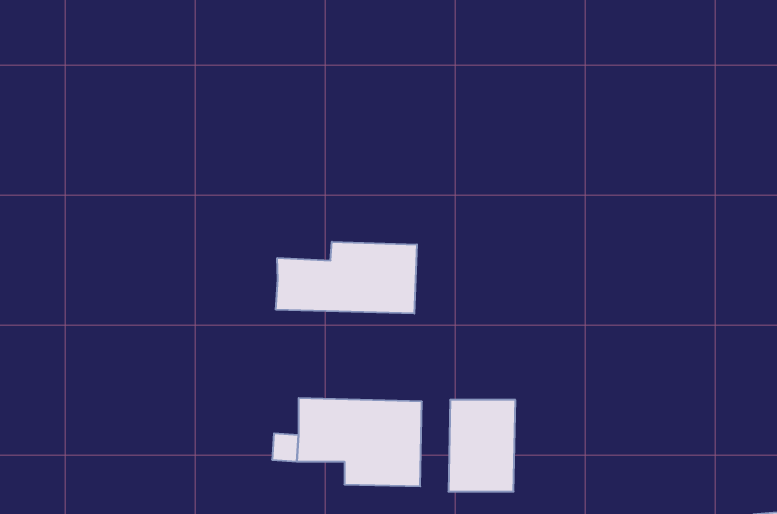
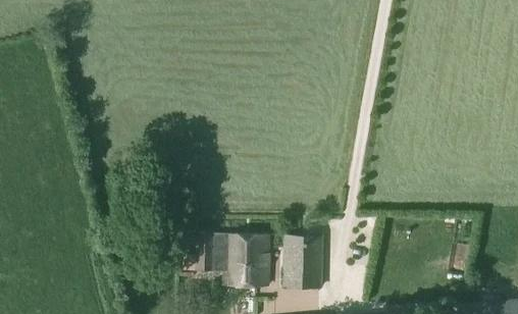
building: [276,242,417,314] -> none

